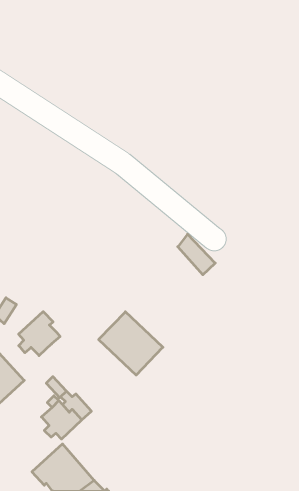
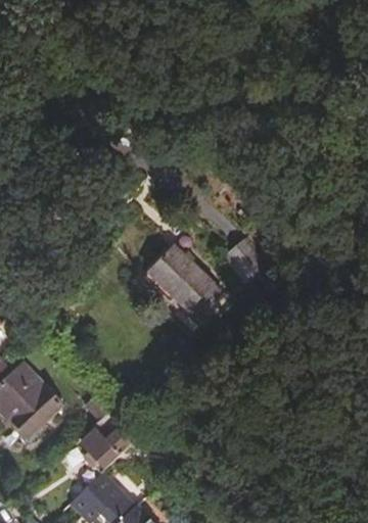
building: [19,312,60,356] -> none
building: [99,312,163,375] -> [144,244,213,312]

